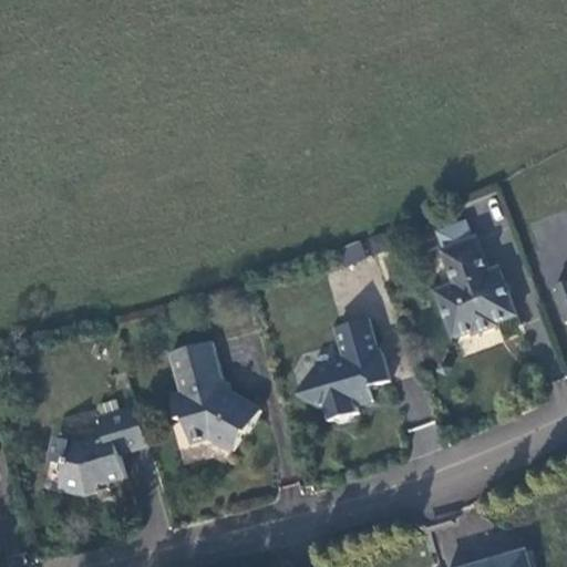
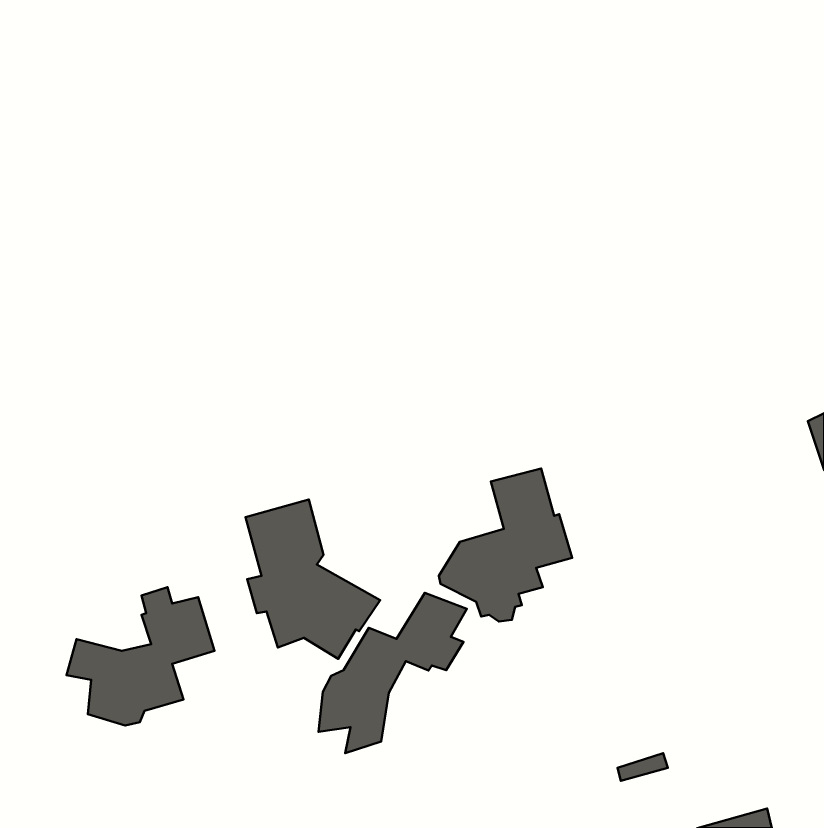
building: [433,219,514,338] -> none
building: none -> [318,593,467,753]

